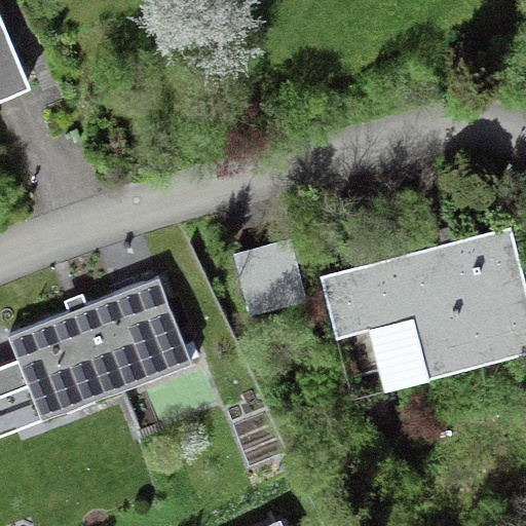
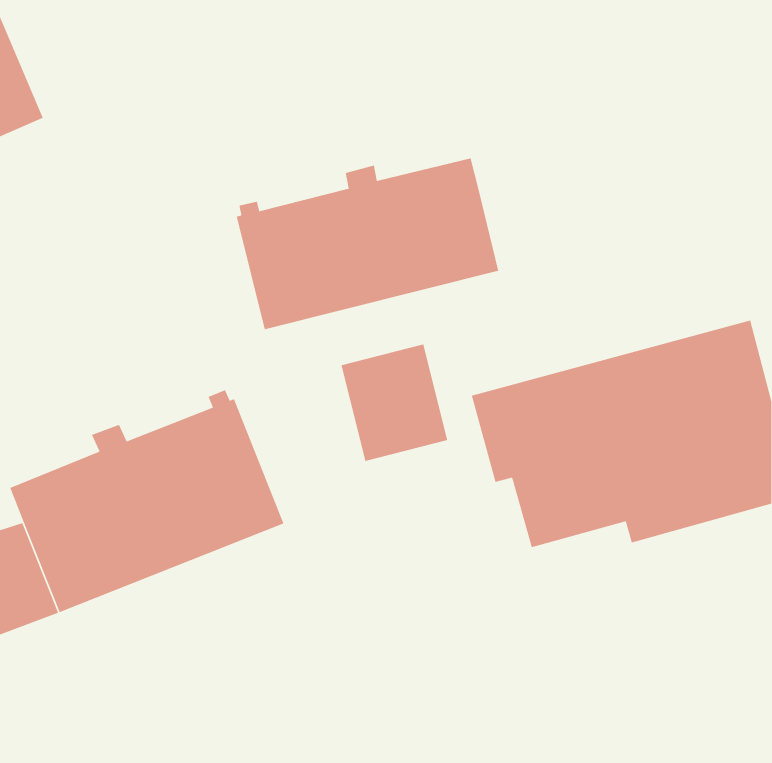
building: none -> [236,158,499,330]

